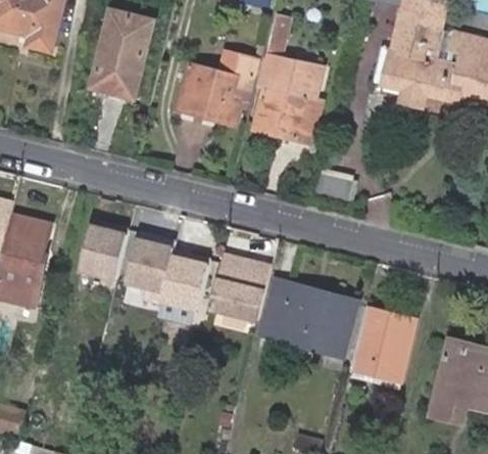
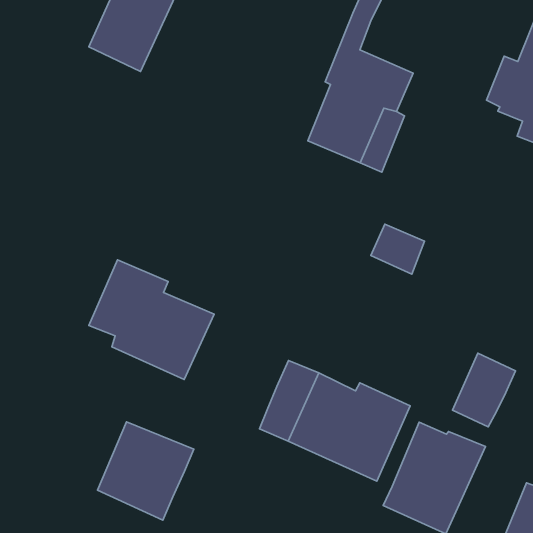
building: [178,49,258,123] -> none
building: [78,219,129,279] -> none
building: [209,256,272,320] -> [98,422,194,520]
building: none -> [452,353,515,427]

